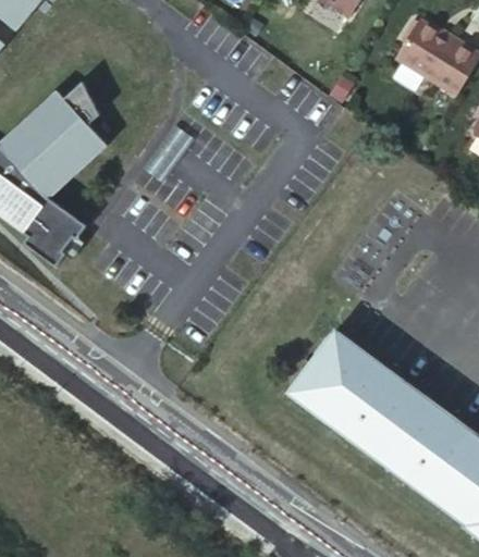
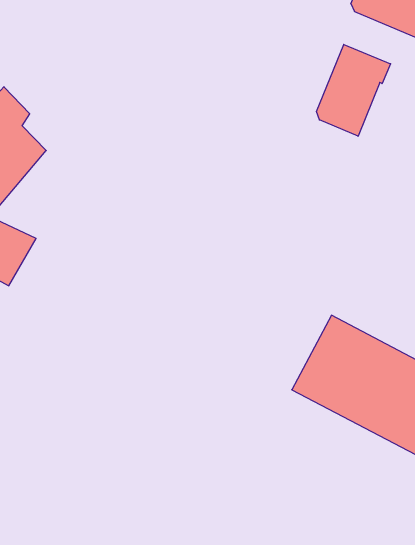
building: none -> [316,44,391,136]

